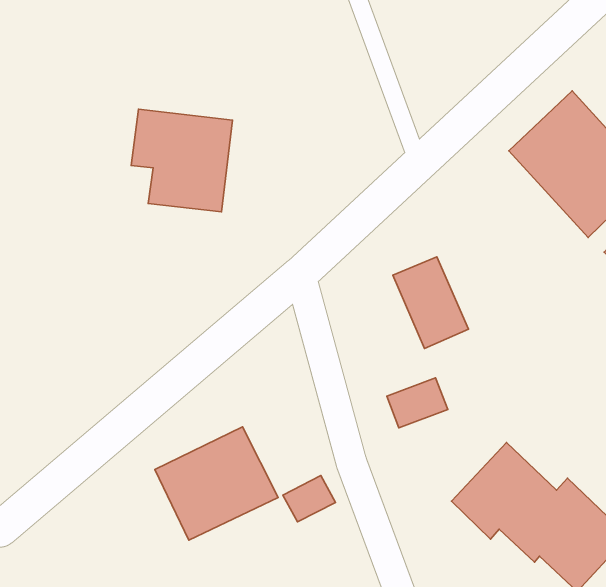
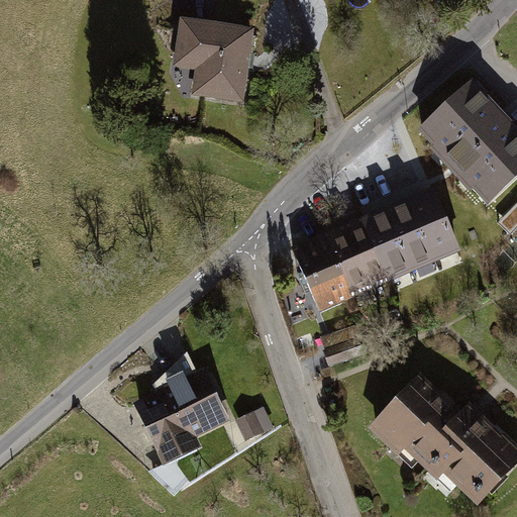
building: [131,109,233,212] -> [174,18,257,103]
building: none -> [361,192,459,281]
building: none -> [290,236,351,311]

